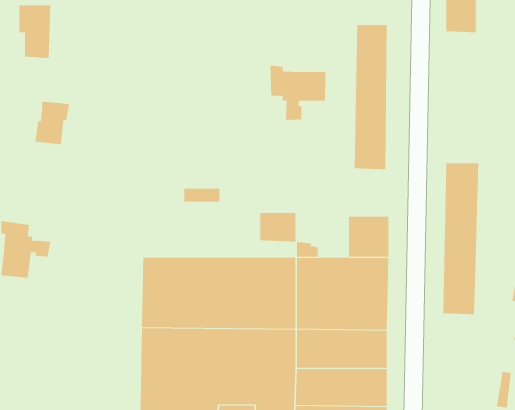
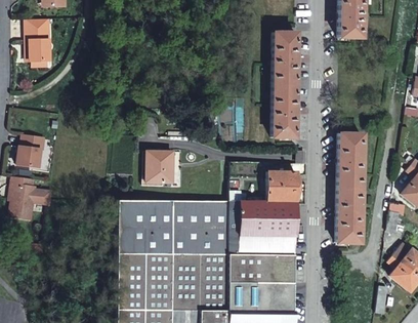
building: [270,65,326,121] -> none
building: [35,101,70,145] -> [20,134,46,166]
building: [259,212,296,242] -> [149,162,175,184]

